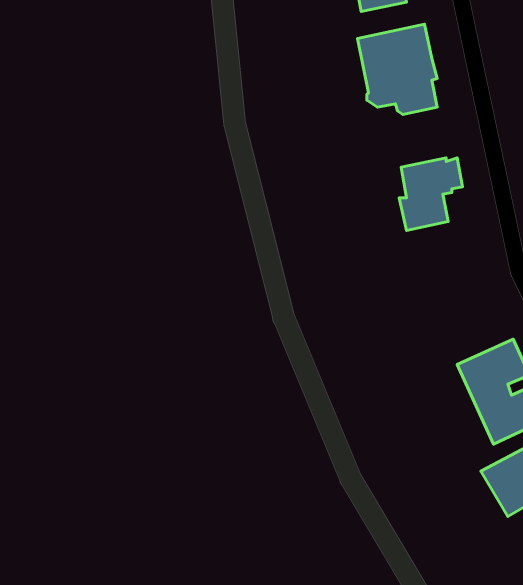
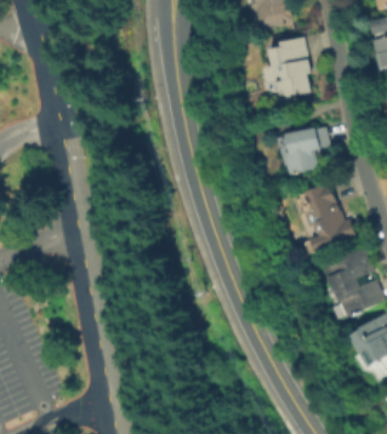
building: none -> [305,183,357,255]

